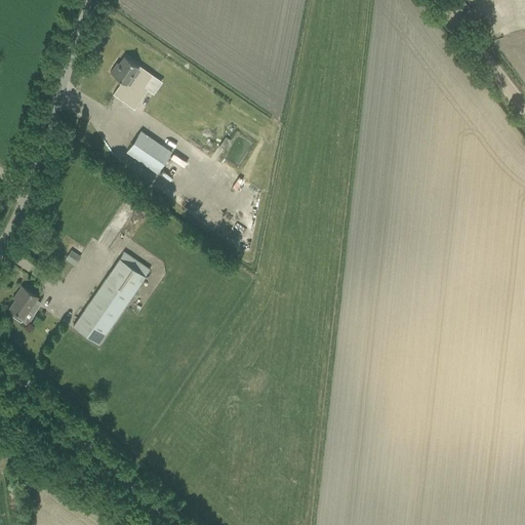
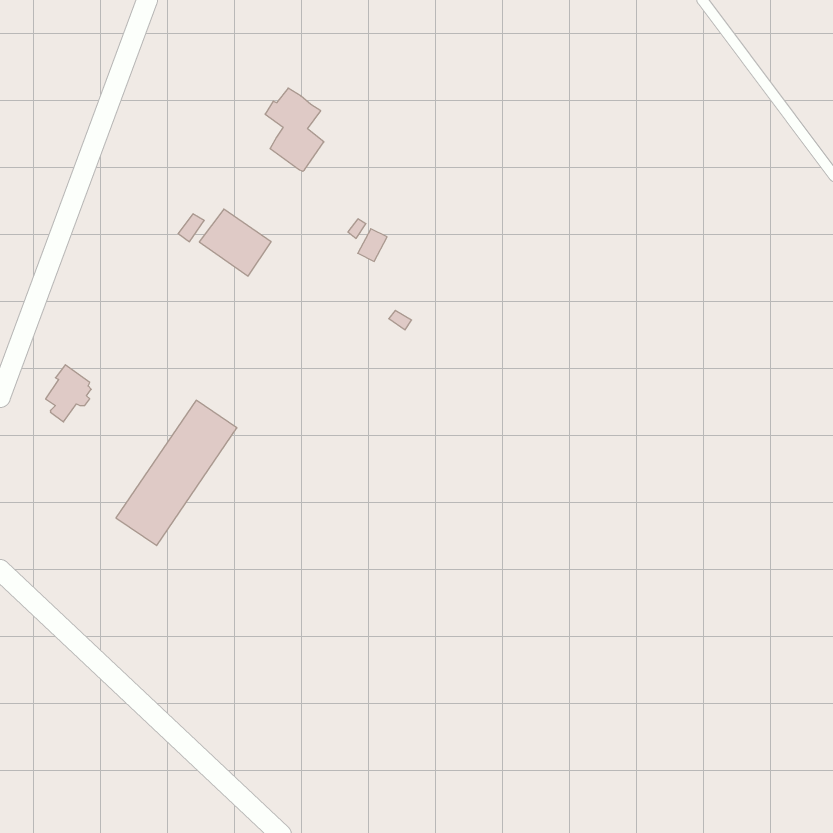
building: [111,57,148,110] -> [265,88,324,171]
building: [10,287,39,323] -> [46,365,91,422]

